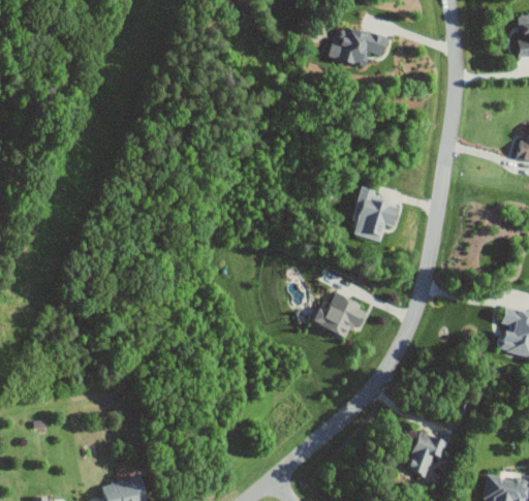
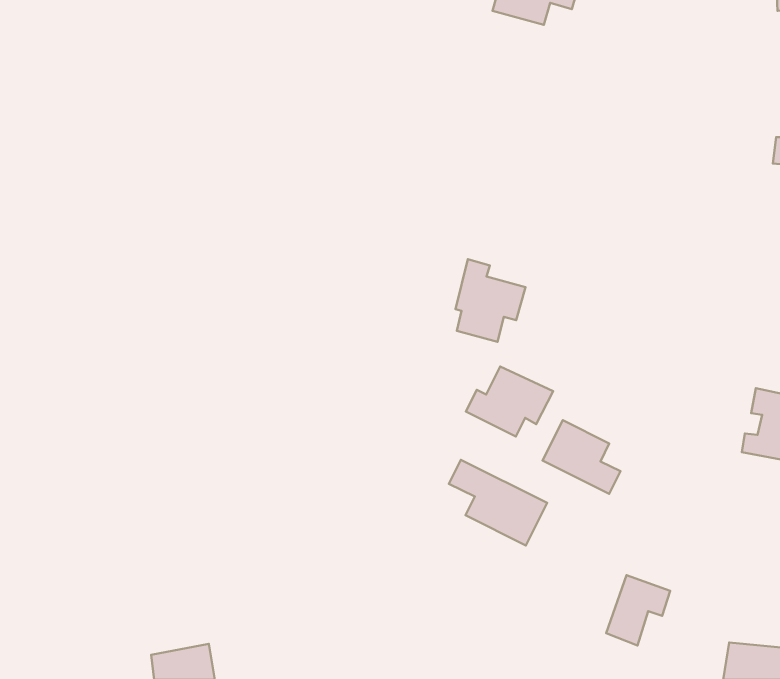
building: [353,186,400,241] -> [455,259,526,342]
building: none -> [543,420,621,494]
building: none -> [449,460,547,546]

